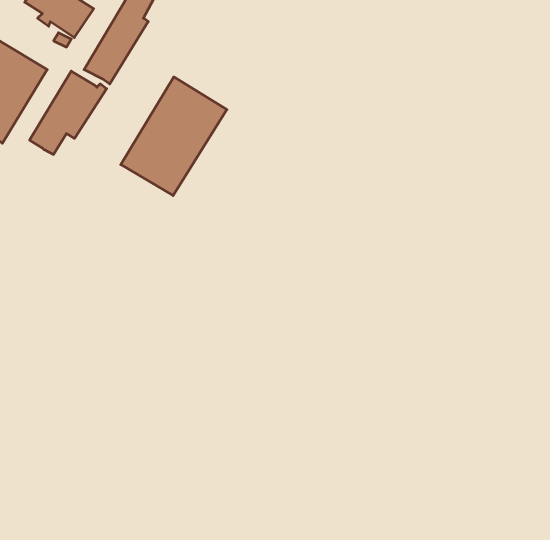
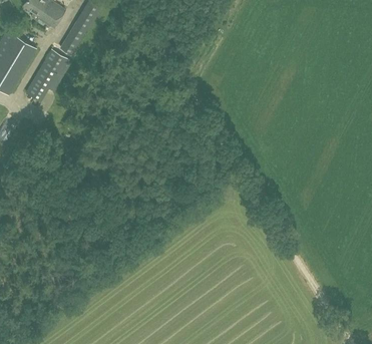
building: [121,77,227,196] -> none

